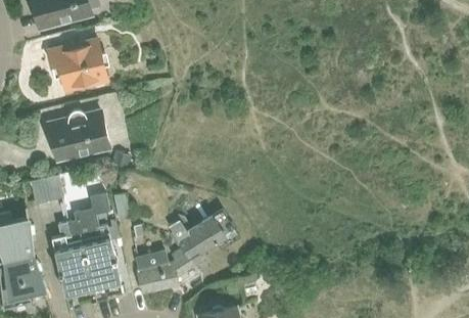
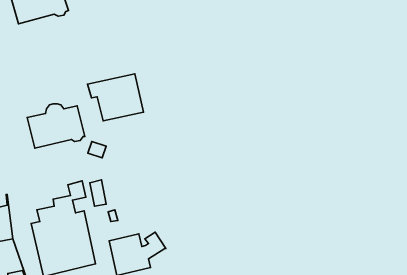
building: [47,40,106,90] -> [88,74,144,121]
building: [30,175,62,203] -> none
building: [169,216,225,275] -> none

